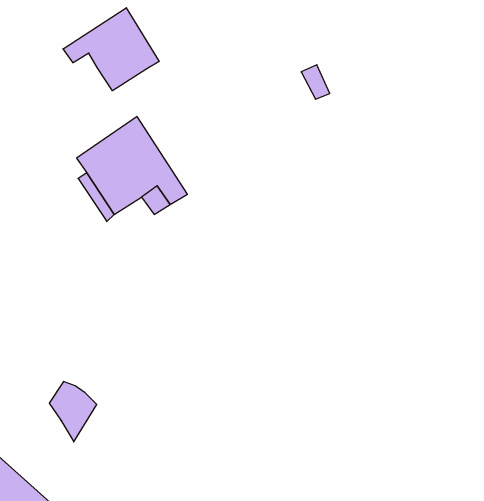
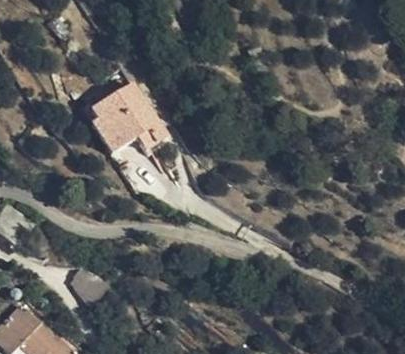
building: [63,8,159,91] -> none

